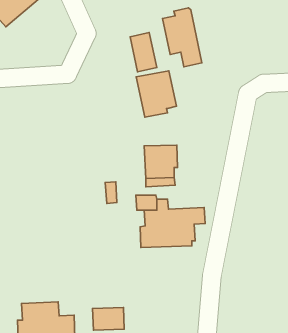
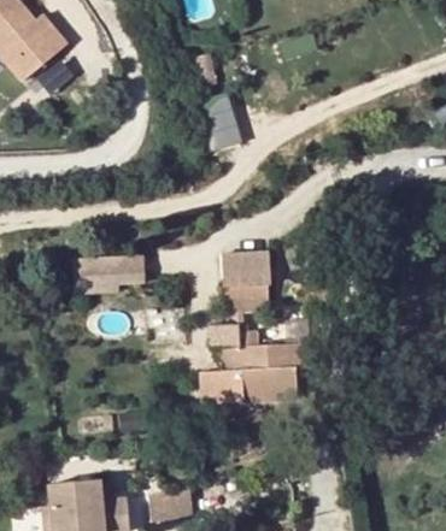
building: [162,8,202,67] -> none
building: [136,71,176,117] -> none
building: none -> [71,253,147,294]

